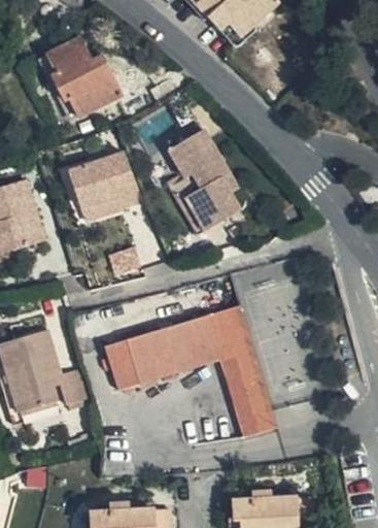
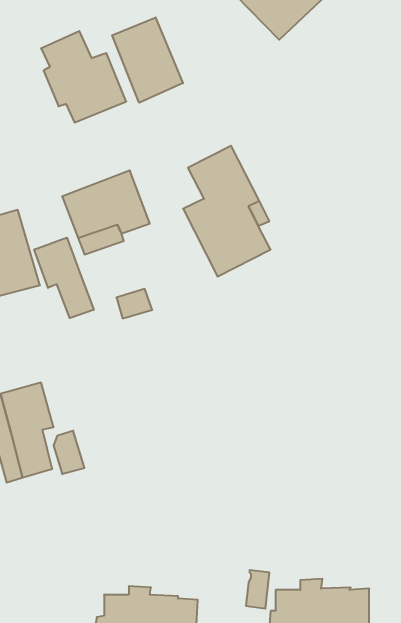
building: none -> [112,17,183,103]
building: none -> [34,238,94,318]
building: [110,306,284,438] -> none

